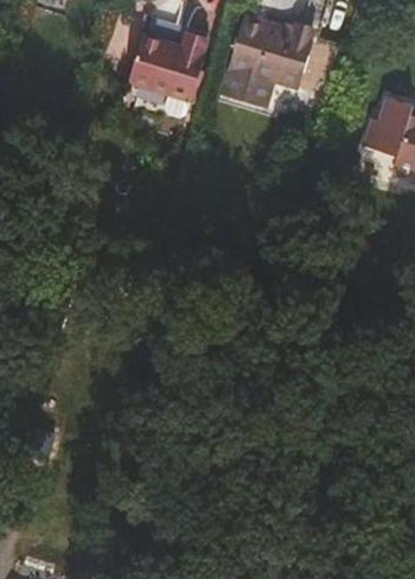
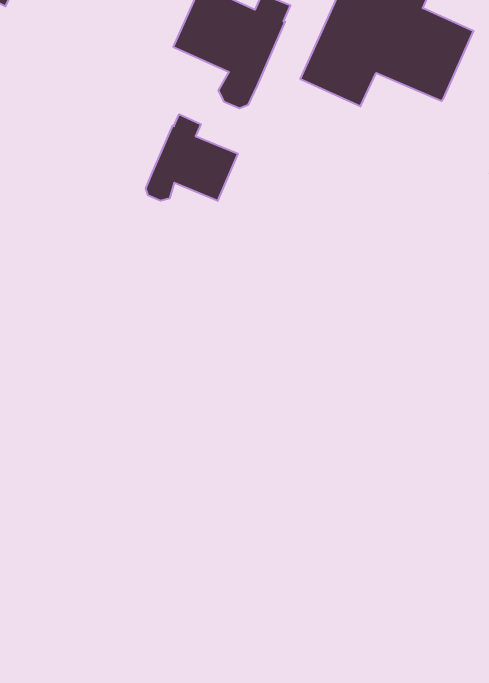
building: none -> [146,114,238,201]

